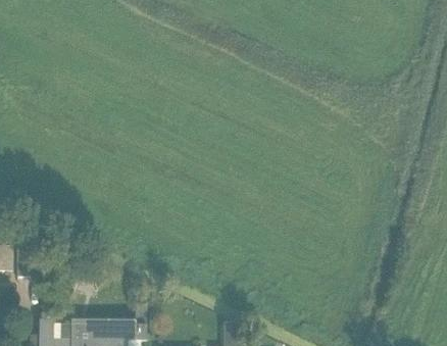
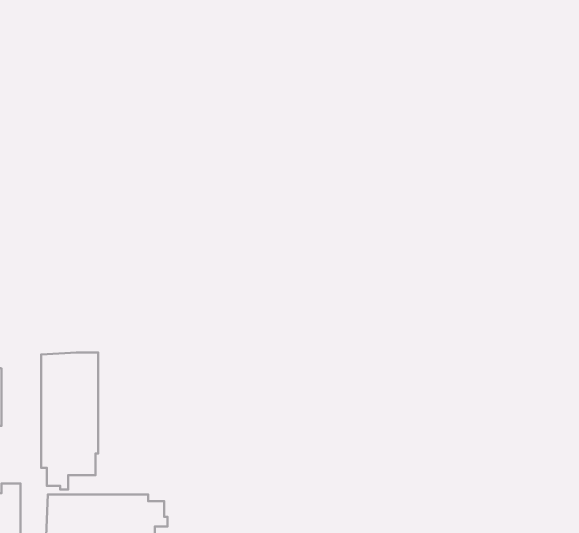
building: none -> [41,353,98,489]

